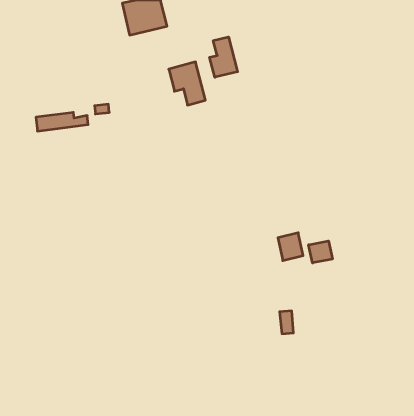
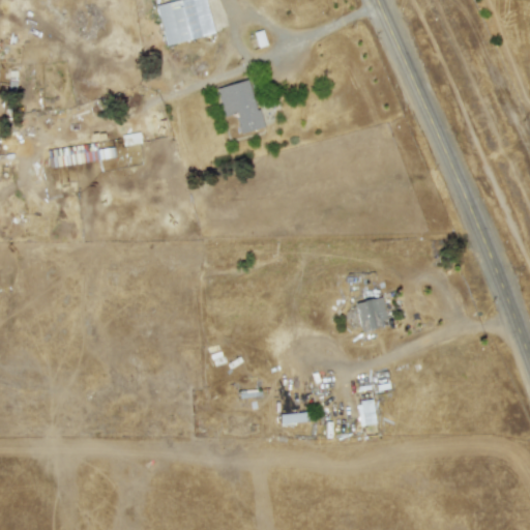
building: [210,37,238,77] -> none
building: [309,241,332,263] -> none

